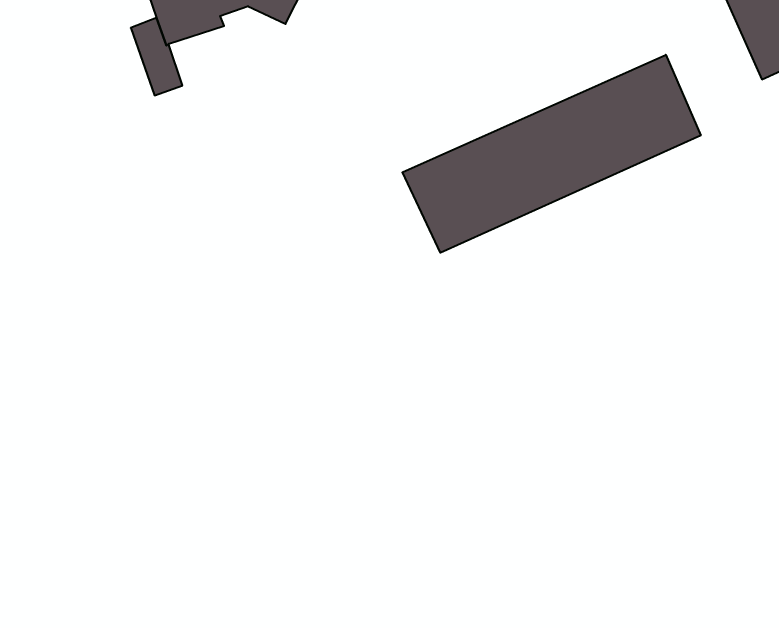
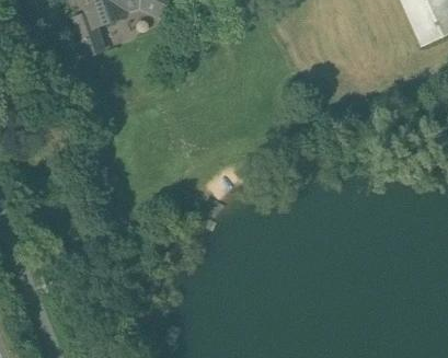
building: [402,55,701,253] -> none

